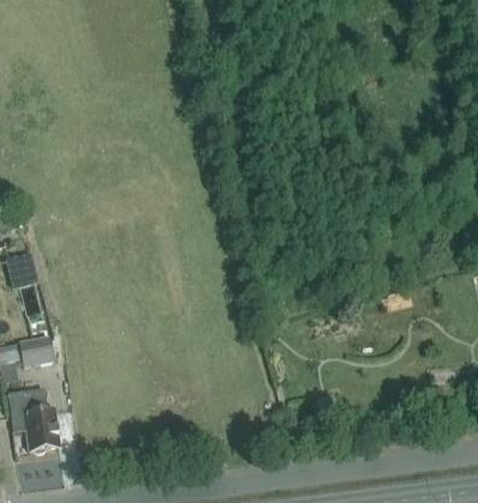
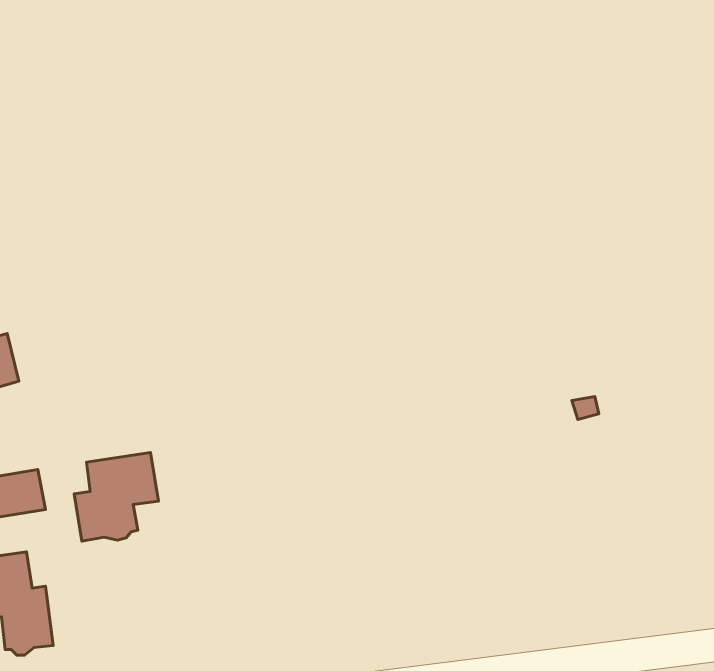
building: none -> [74,452,159,541]

